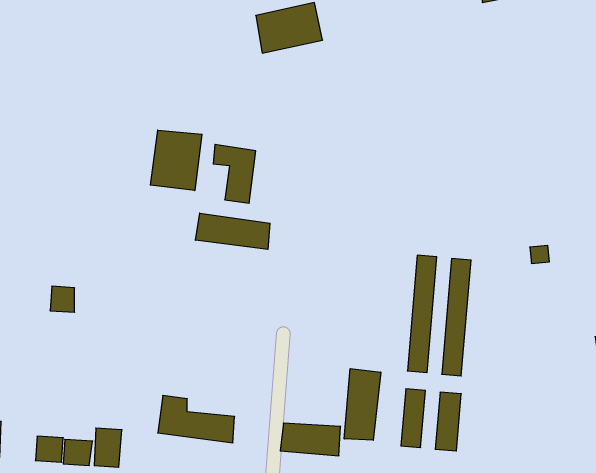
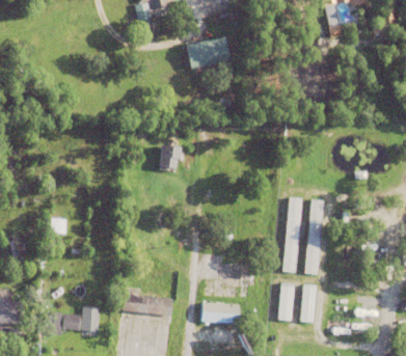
building: [150,130,202,191] -> none
building: [195,213,270,249] -> none
building: [344,369,381,440] -> none

